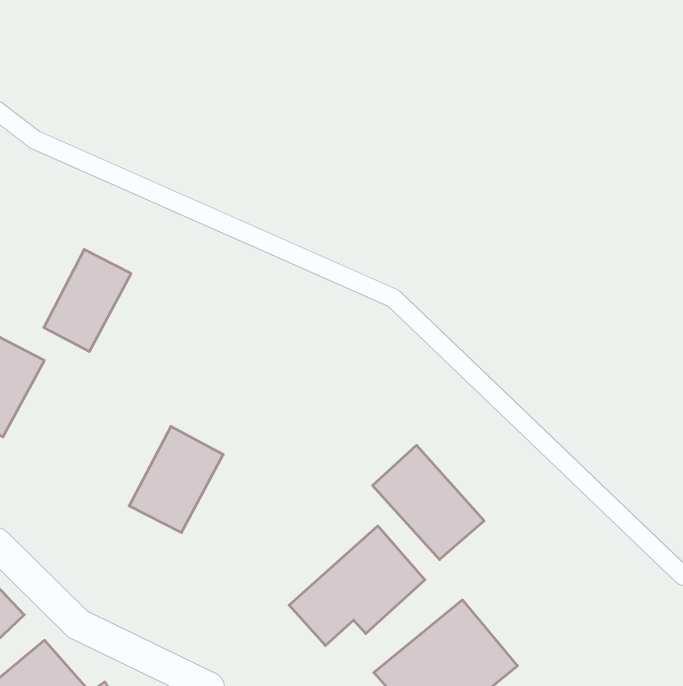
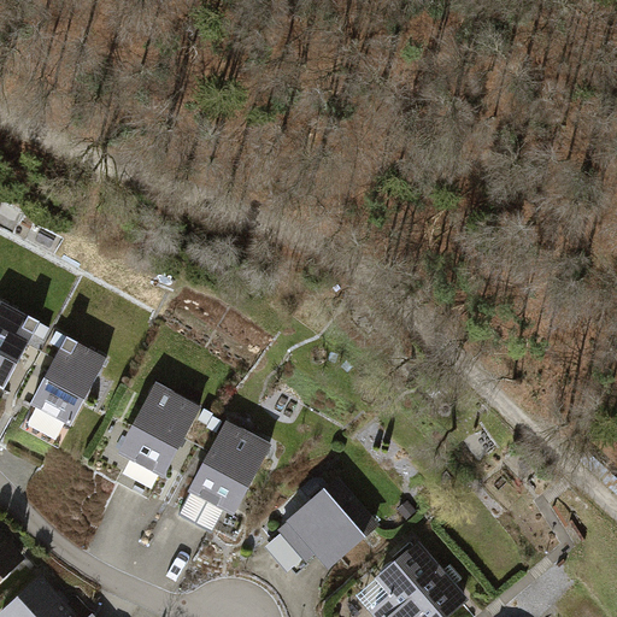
building: [44,249,131,352] -> [30,337,108,429]
building: [373,445,484,560] -> none
building: none -> [188,422,269,513]

